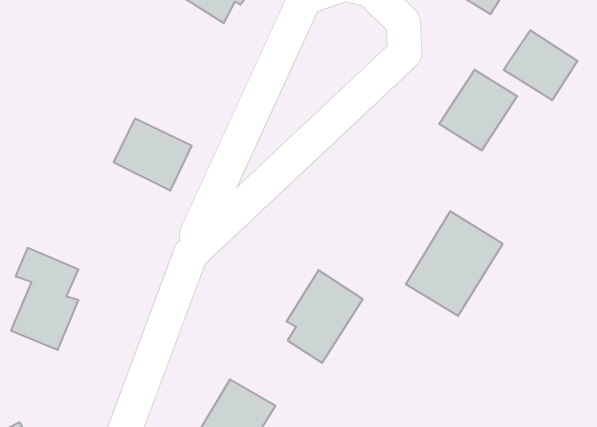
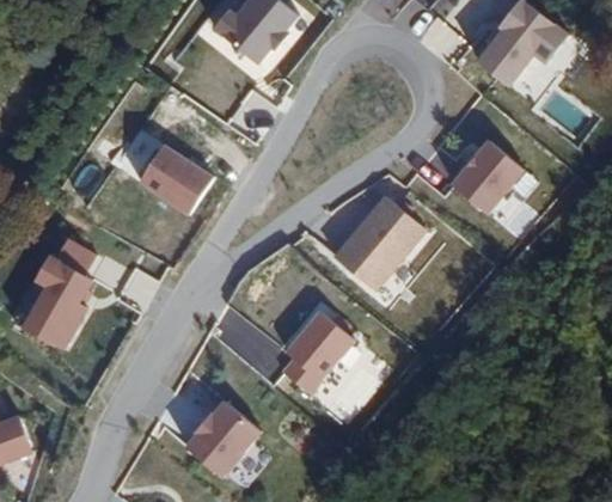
building: [504,30,578,100] -> none
building: [406,211,503,316] -> [333,191,429,290]

